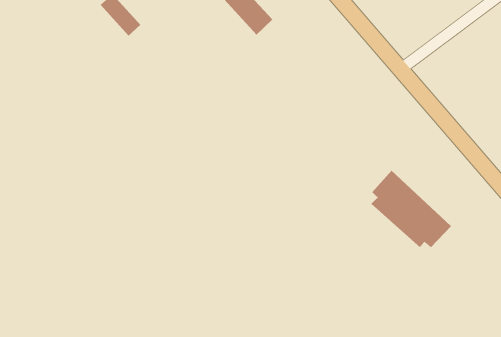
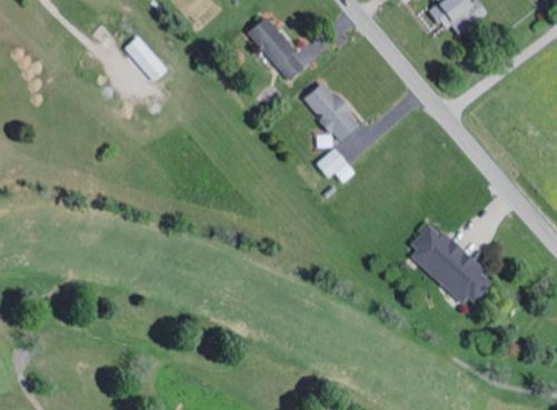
building: none -> [301,80,359,141]
building: none -> [316,148,355,182]

